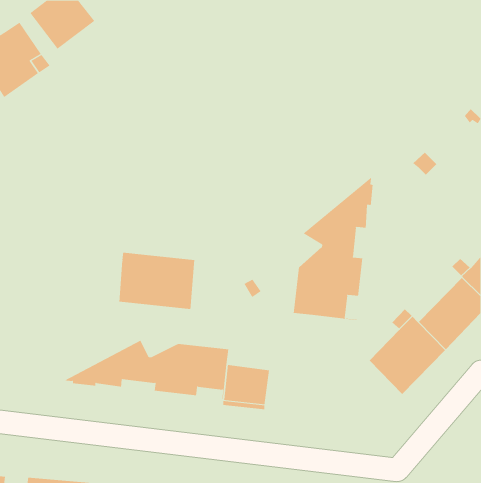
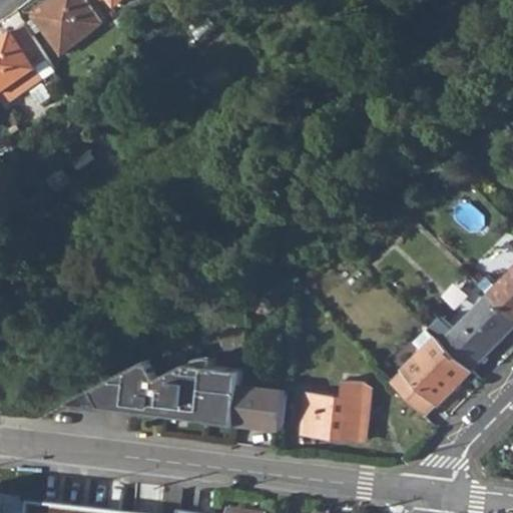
building: [293,176,373,321] -> none
building: [119,252,195,310] -> none
building: none -> [301,379,373,441]

